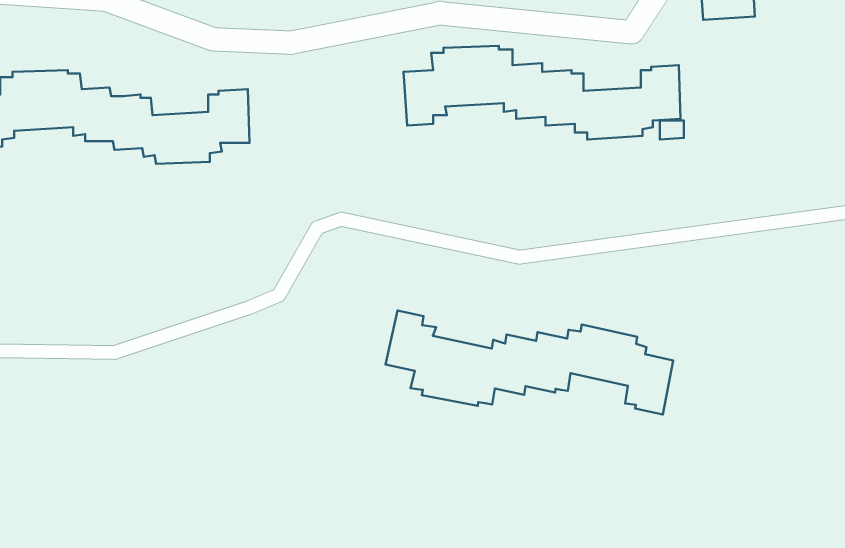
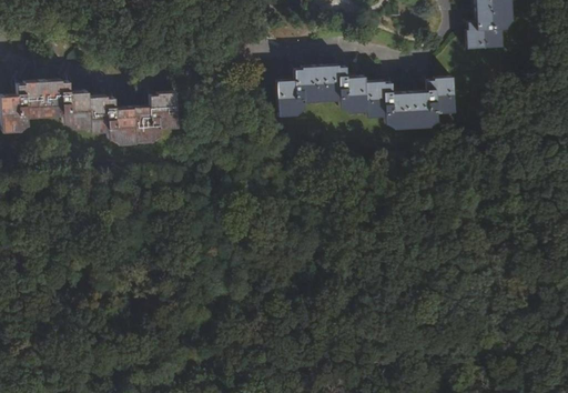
building: [385,310,673,415] -> none

